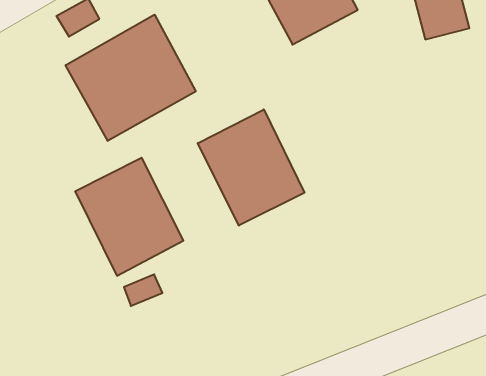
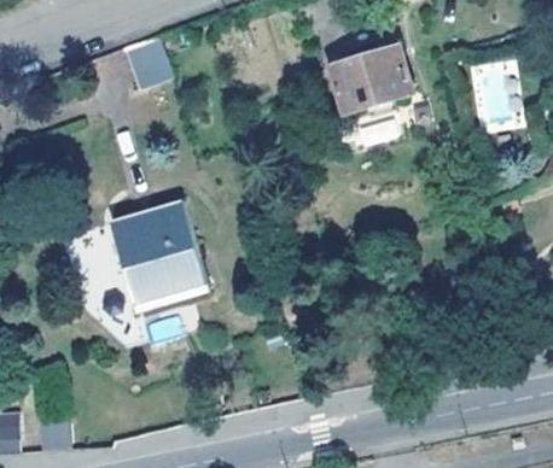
building: [66,15,196,141] -> none
building: [198,109,304,226] -> none

